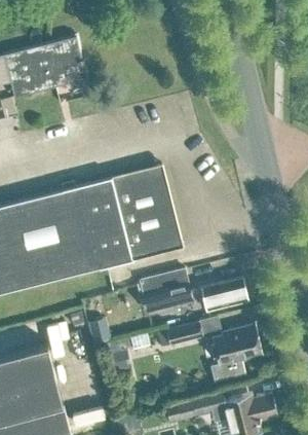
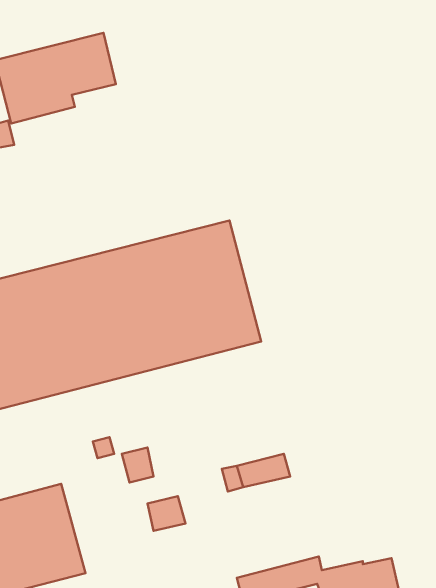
building: [140,271,247,315] -> none
building: [210,327,261,385] -> none

